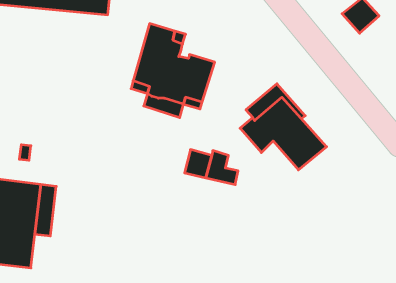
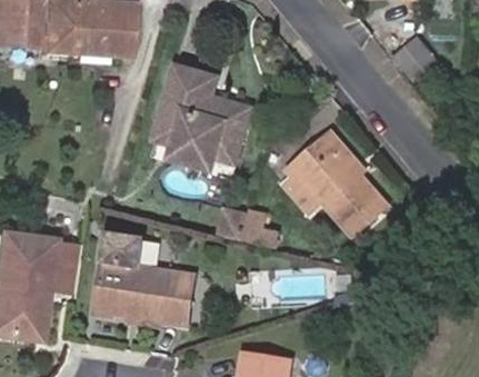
building: none -> [96,245,190,333]

